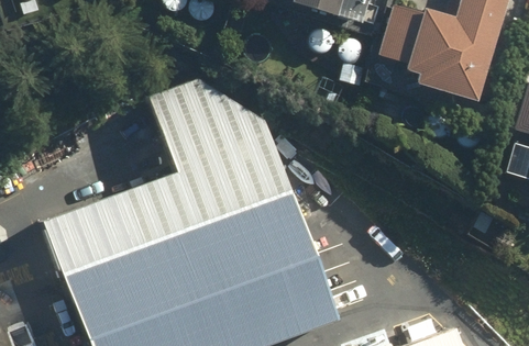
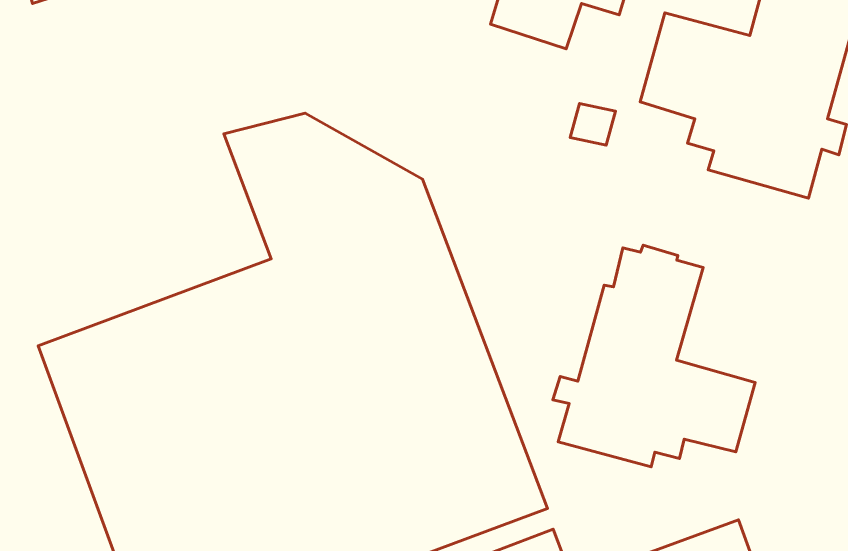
building: none -> [553,245,755,467]

